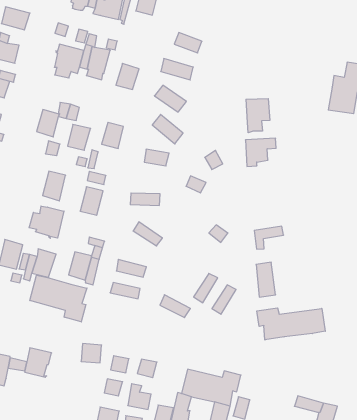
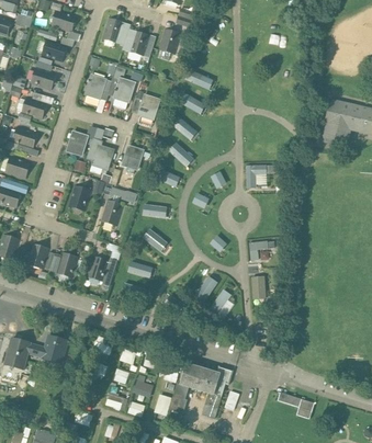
building: [246,99,270,133] -> none
building: [29,206,64,238] -> none
building: [30,275,87,322] -> none
building: [257,308,325,340] -> none

